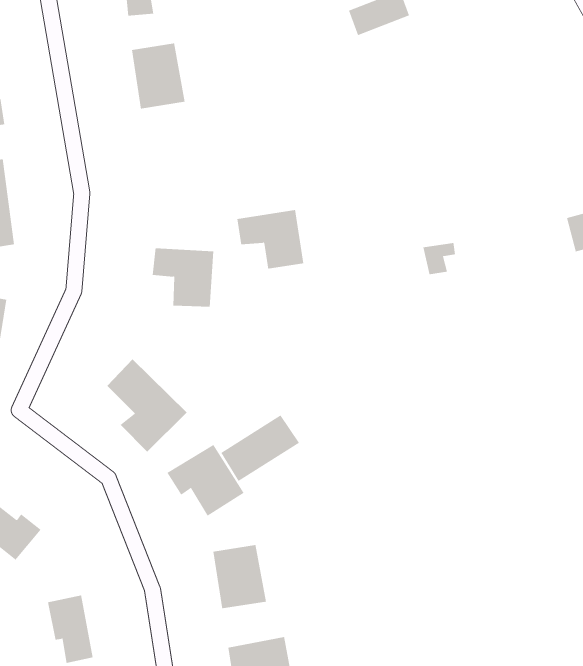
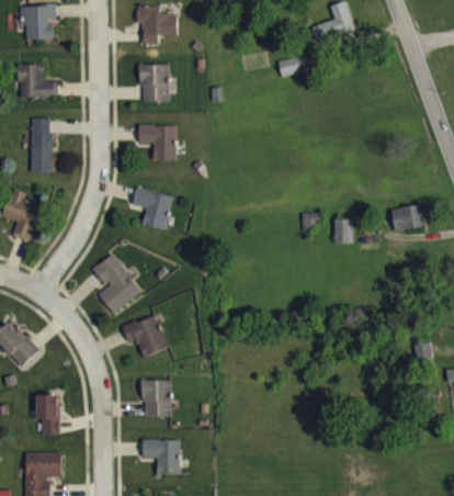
building: [236,209,304,269] -> [138,125,175,159]
building: none -> [333,218,352,244]
building: [221,415,300,482] -> none

